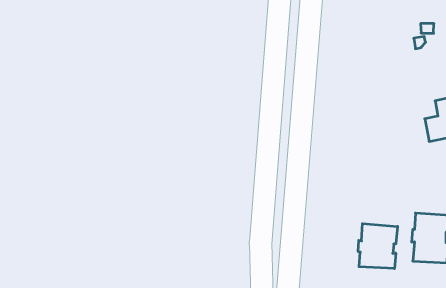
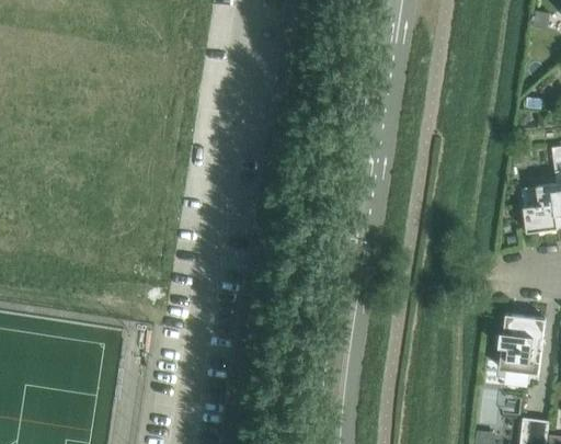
building: [358,224,398,269] -> none

